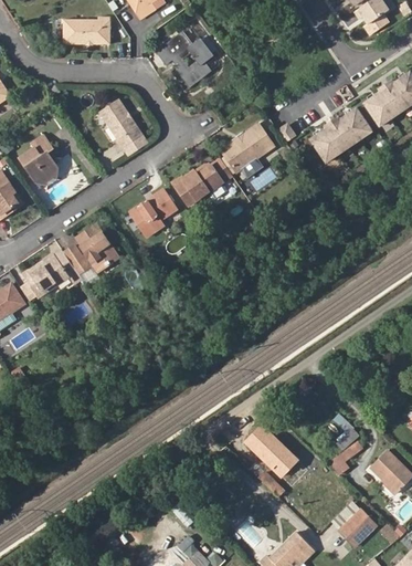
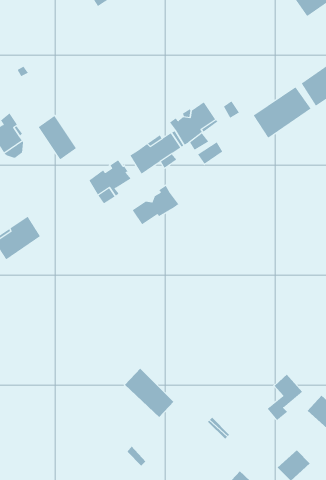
building: [63,17,109,45] -> none
building: [155,31,214,88] -> none
building: [101,99,144,149] -> [38,115,77,160]
building: none -> [132,185,179,225]
building: [62,223,116,272] -> none
building: [244,423,299,479] -> [124,368,174,418]

